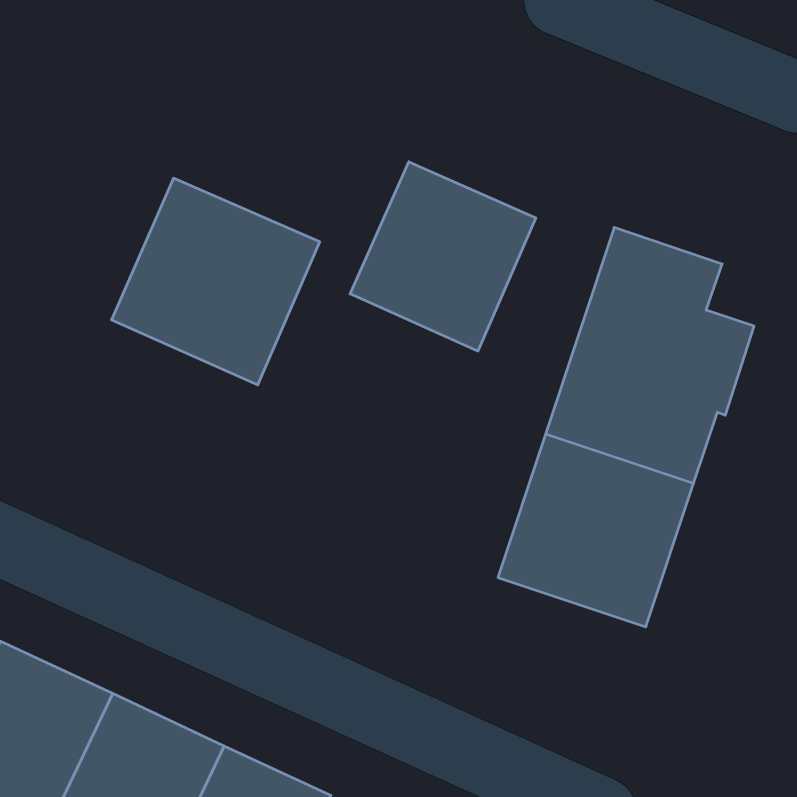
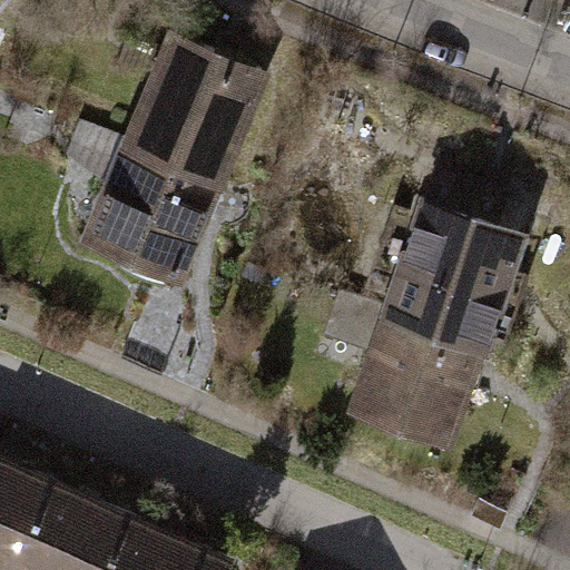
building: none -> [121,37,268,180]
building: [350,162,536,351] -> none

